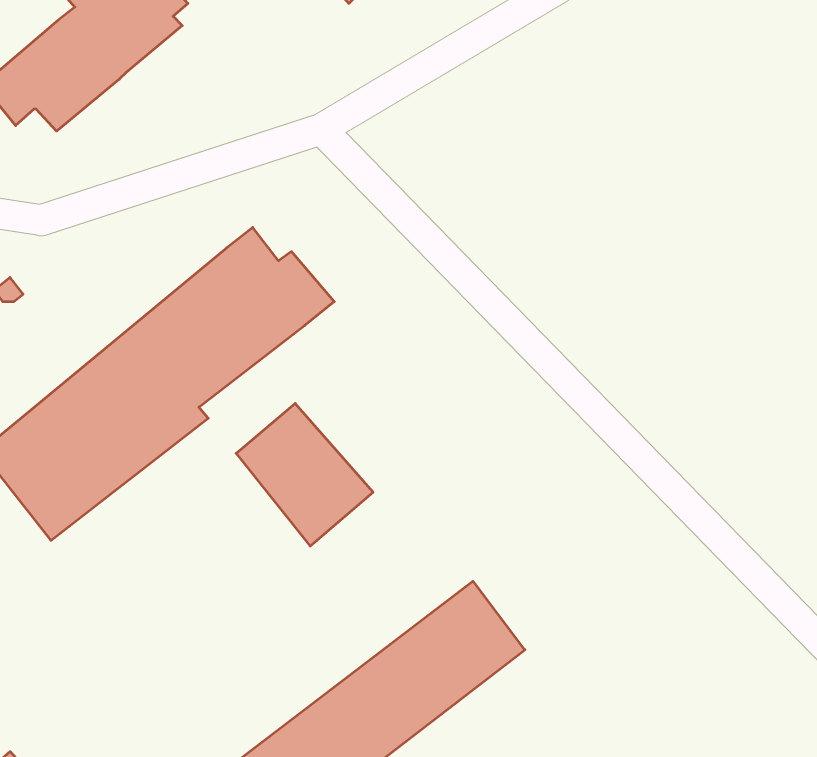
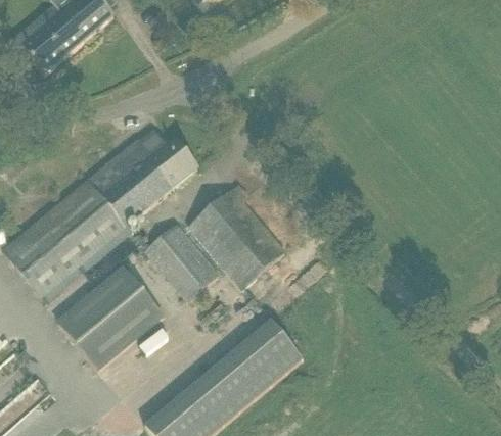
building: none -> [189,188,285,286]
building: none -> [56,264,166,371]

